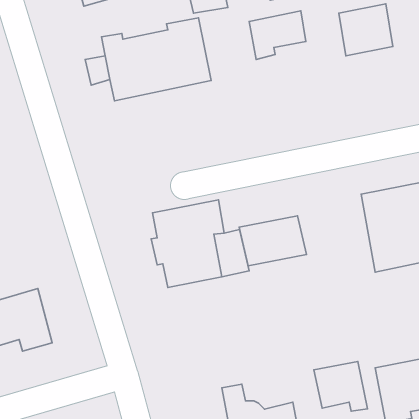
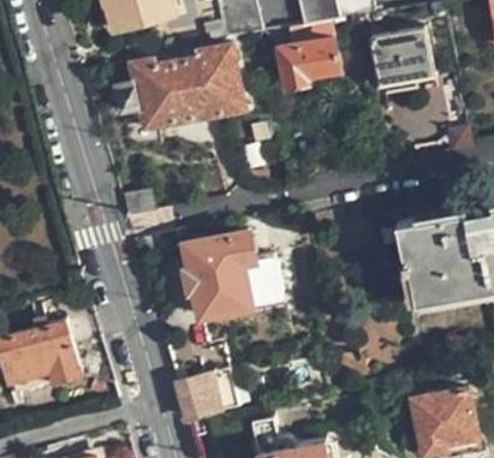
building: [239,216,307,266] -> none
building: none -> [177,370,238,421]
building: [314,361,367,411] -> none

